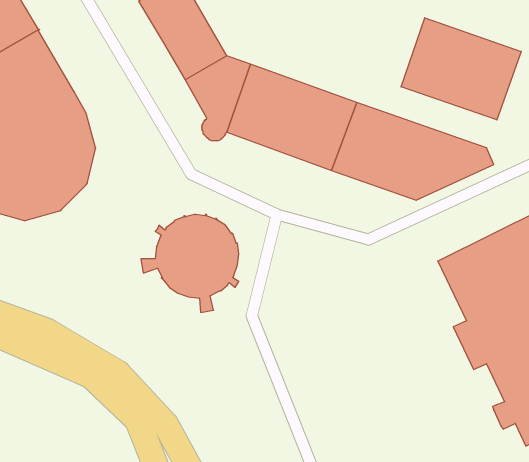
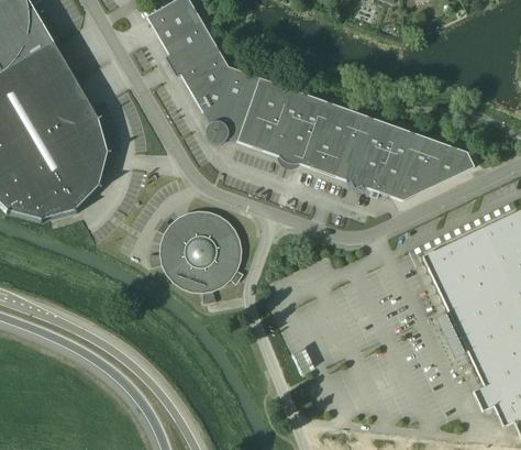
building: [401,18,521,120] -> none

